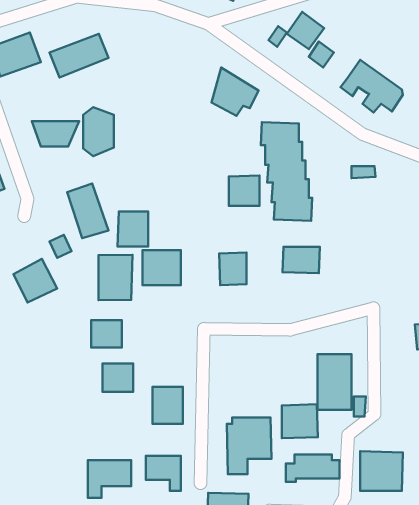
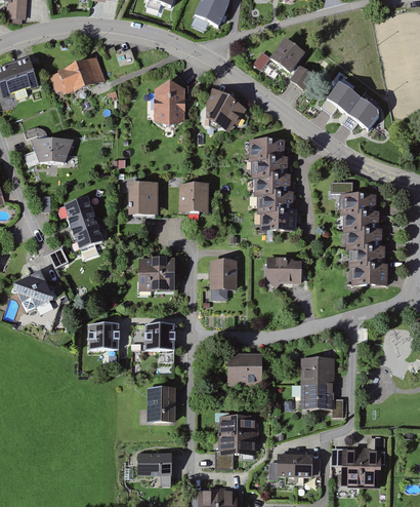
building: [83,107,114,156] -> [154,81,182,127]
building: [229,175,259,206] -> [176,184,205,212]
building: none -> [339,195,387,287]
building: [118,212,148,247] -> [125,184,154,217]
building: [98,255,132,300] -> none
building: [102,364,133,392] -> [142,325,171,352]
building: [282,404,318,438] -> [226,355,260,387]
building: [88,460,131,498] -> none

